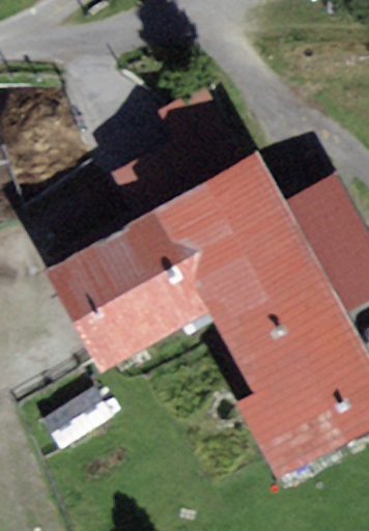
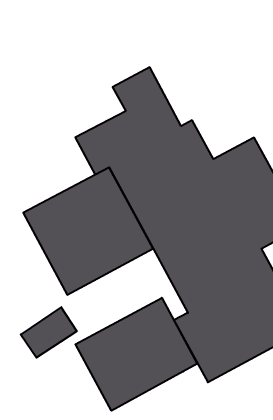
building: none -> [75,298,197,411]

